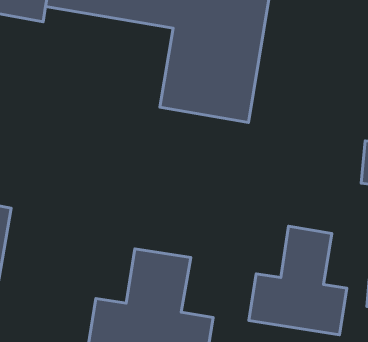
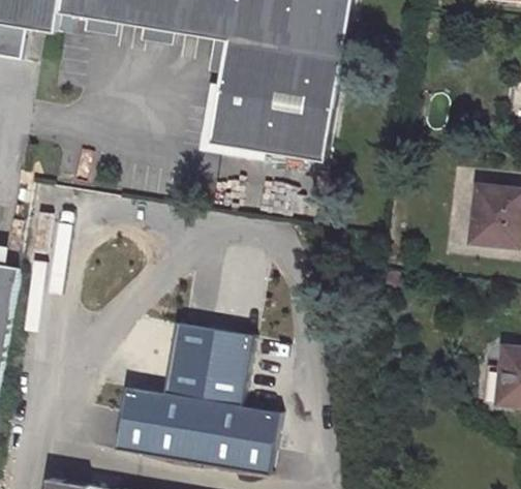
building: [249,226,347,335] -> none

